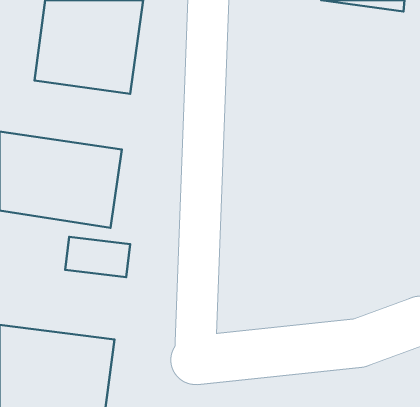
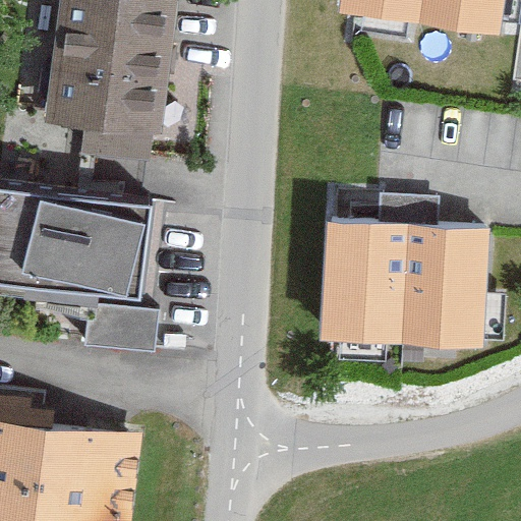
building: none -> [317,215,486,346]

